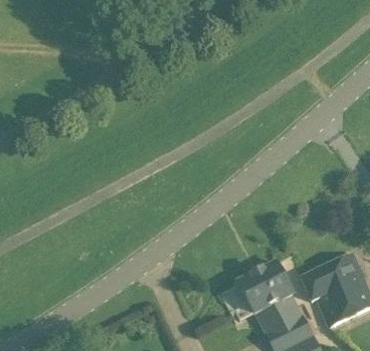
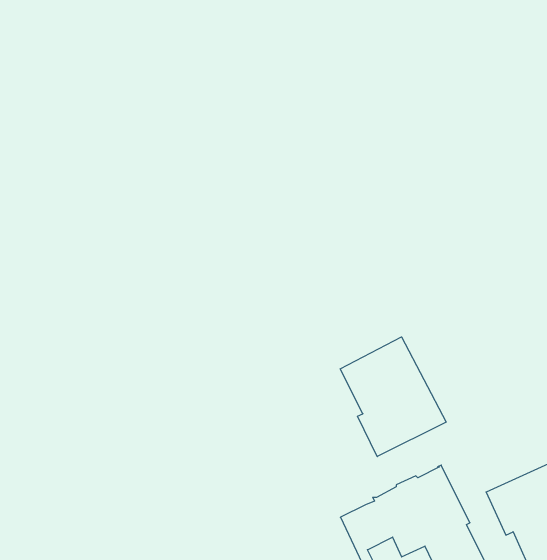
building: none -> [340,337,446,457]

